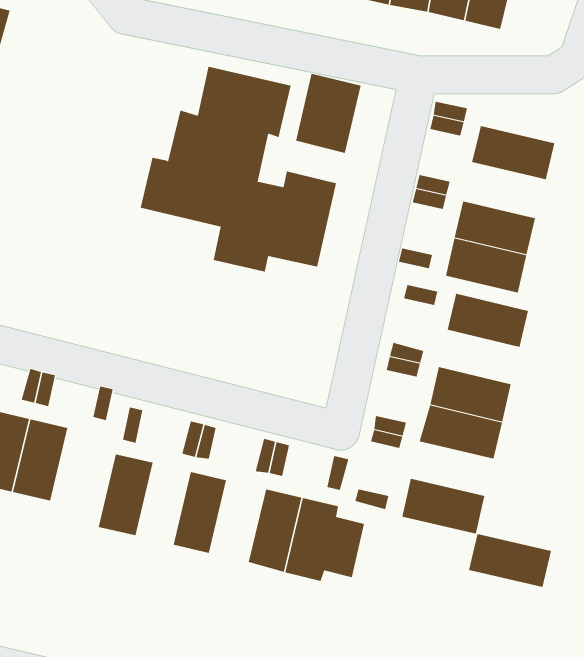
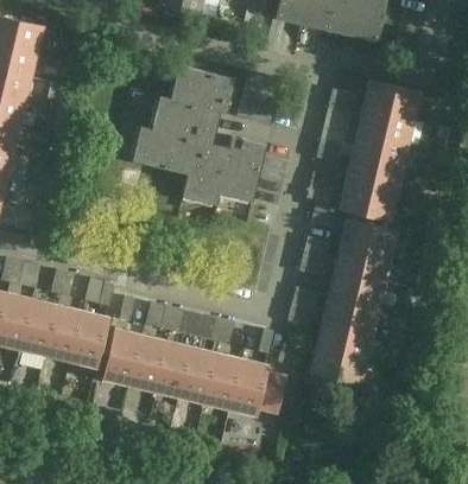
building: none -> [362,79,419,117]
building: none -> [350,130,407,168]
building: none -> [334,244,390,281]
building: none -> [70,311,107,367]
building: none -> [128,335,165,390]
building: none -> [178,346,216,402]
building: [468,533,552,588] -> [315,320,372,357]

